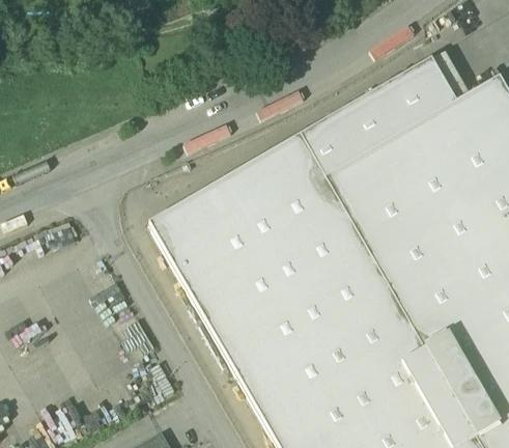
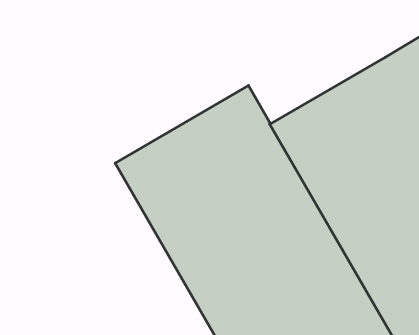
building: [300,60,455,179] -> none

